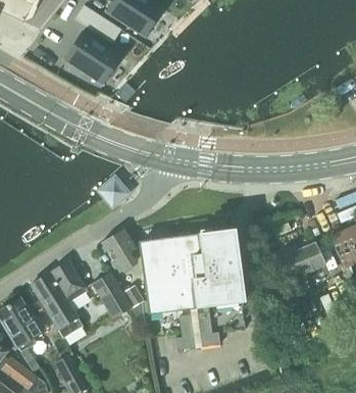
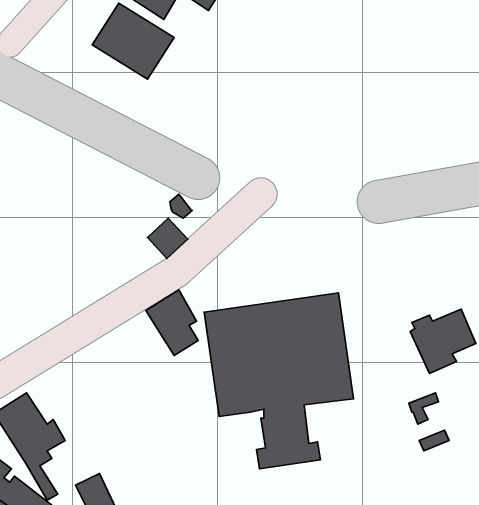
building: [31,259,87,336] -> none
building: [93,271,145,320] -> none

